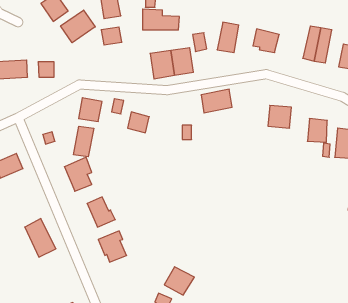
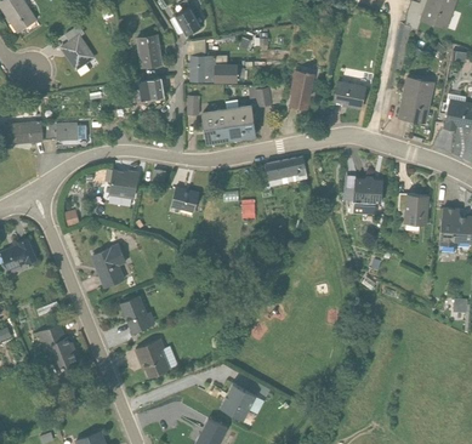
building: [61,10,95,43] -> none
building: [74,126,94,157] -> none

